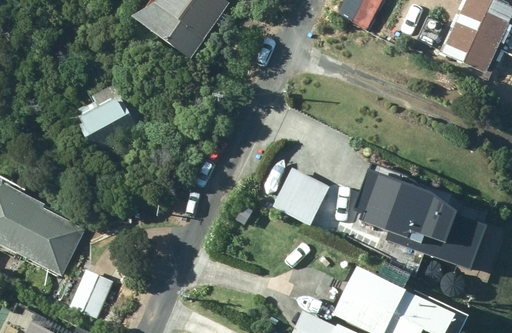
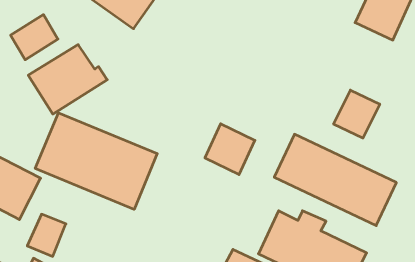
building: none -> [11,15,58,60]
building: none -> [334,90,380,138]
building: none -> [35,113,157,209]

